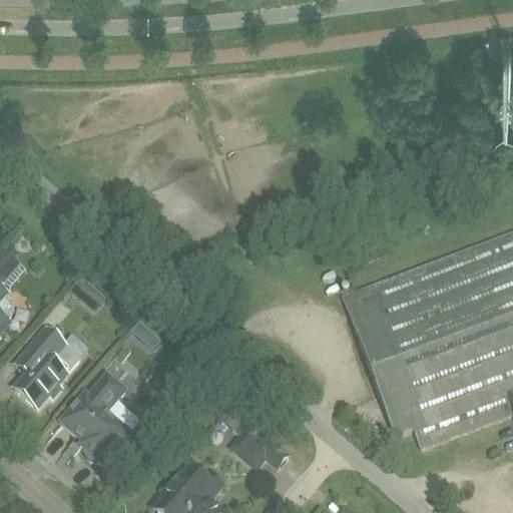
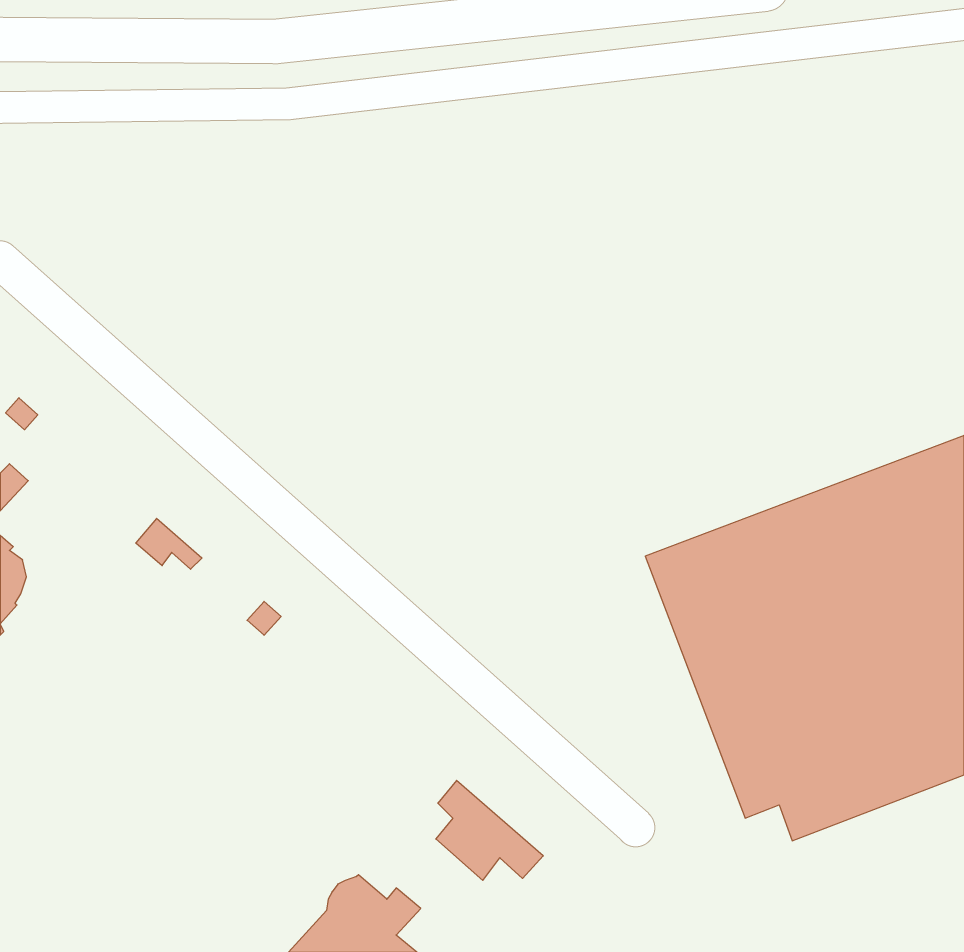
building: [15,328,81,407] -> none
building: [58,372,131,464] -> none

